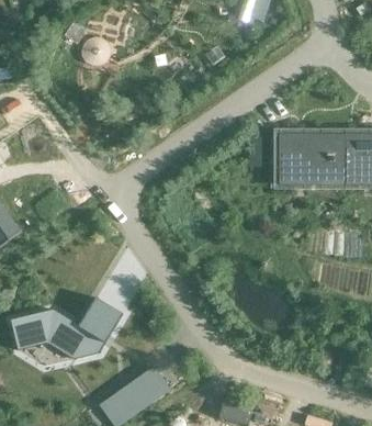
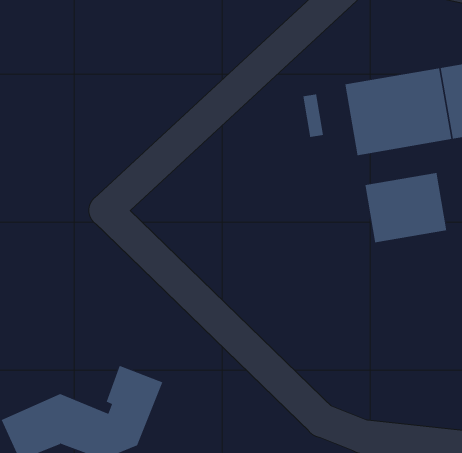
building: none -> [365,172,447,243]

